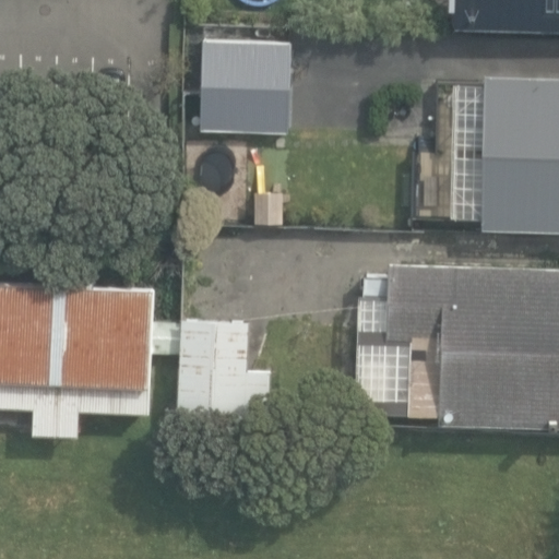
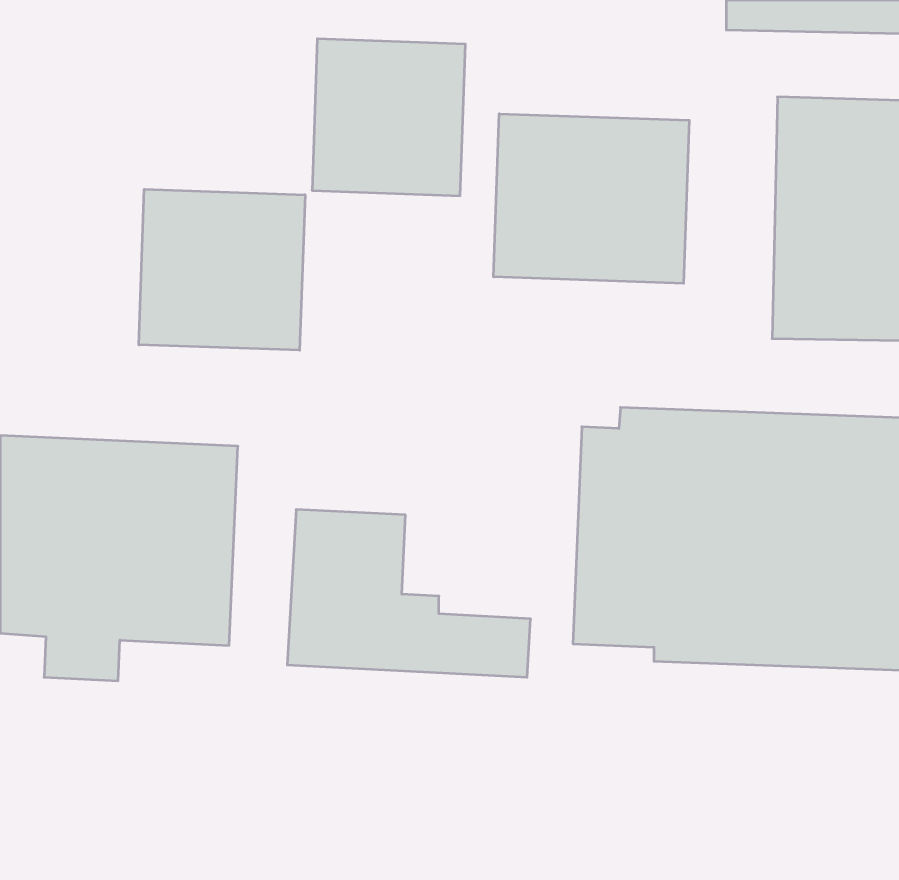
building: none -> [494,114,689,283]
building: none -> [139,189,305,350]

